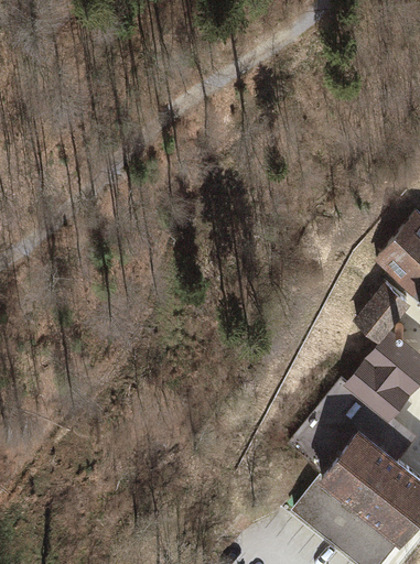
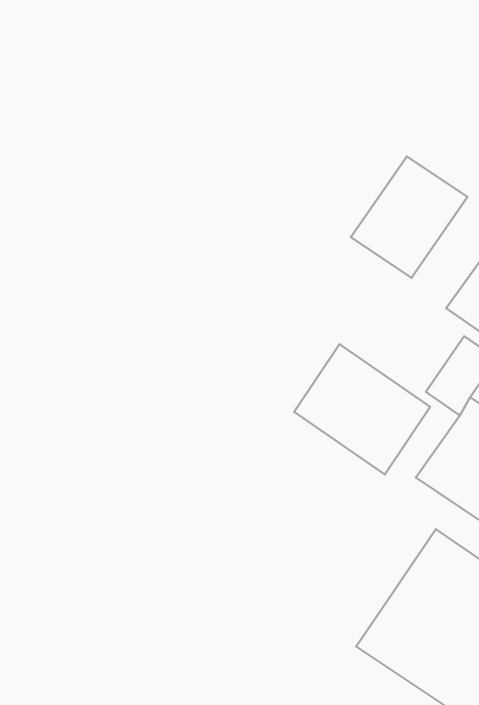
building: none -> [351,156,468,278]
building: none -> [294,344,430,475]

